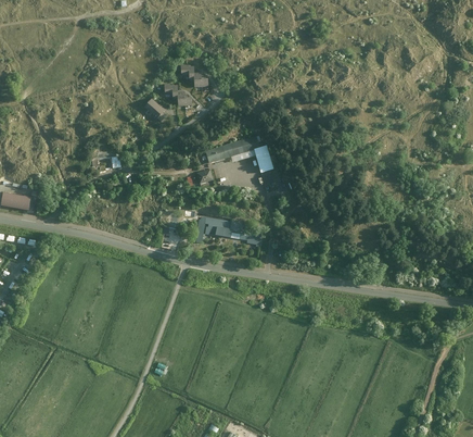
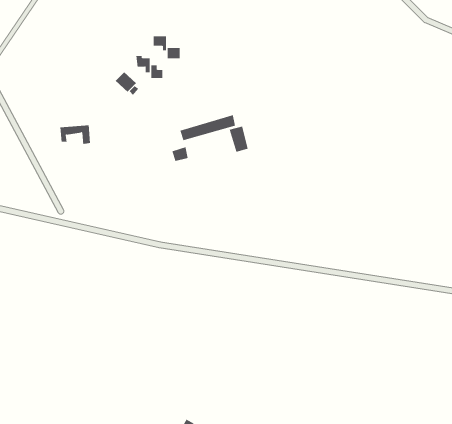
building: [195,216,242,242] -> none

